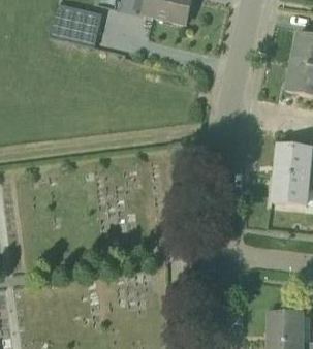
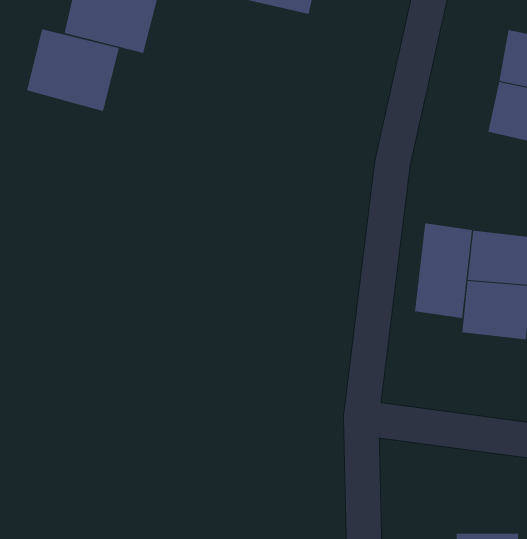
building: none -> [26,29,119,112]
building: none -> [414,223,473,319]

